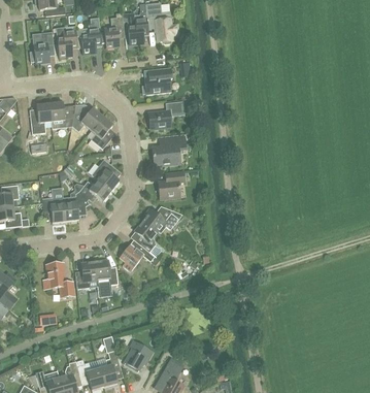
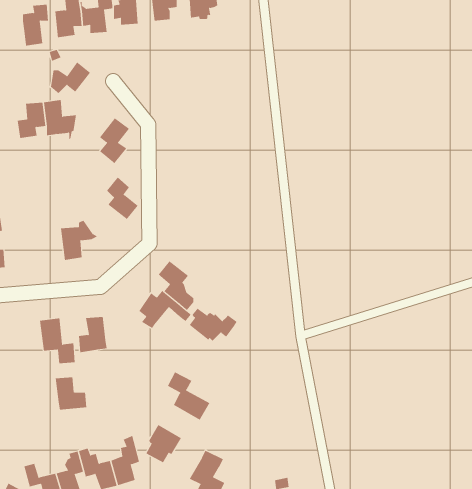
building: [142,67,172,93] -> none
building: [148,100,184,127] -> none
building: [72,106,102,130] -> [50,62,91,94]
building: [153,135,187,165] -> none
building: [158,170,184,198] -> none
building: [79,178,111,200] -> none
building: [42,196,65,222] -> none
building: [142,207,178,232] -> [189,308,238,342]
building: [94,260,117,285] -> [55,377,87,410]
building: none -> [167,372,210,421]

